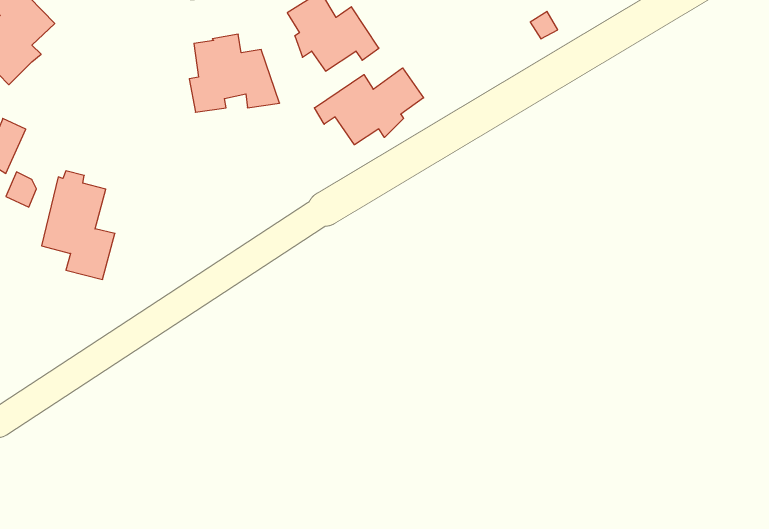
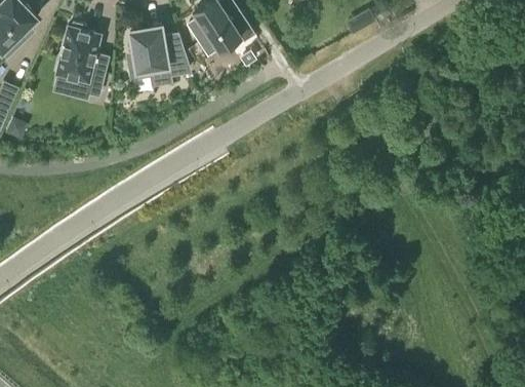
building: [314,68,424,145] -> none
building: [42,171,115,279] -> [57,23,107,95]

